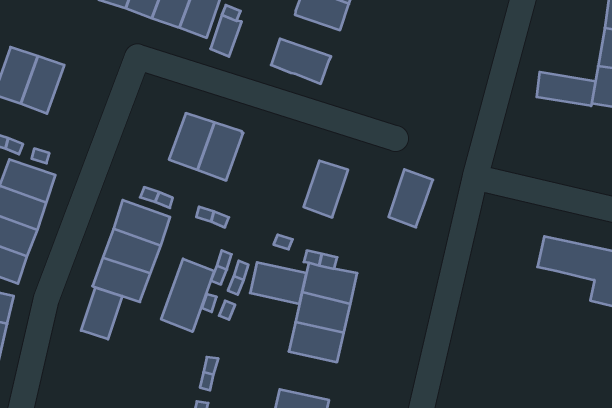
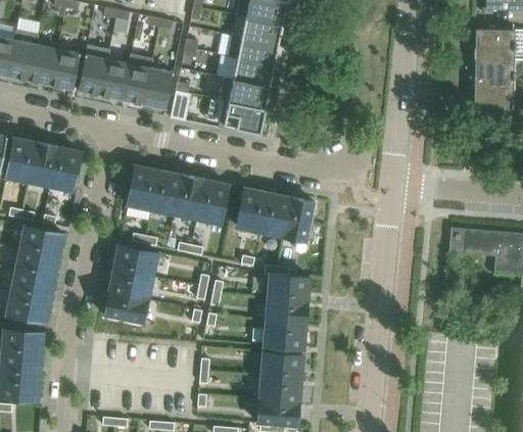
building: none -> [218,77,269,110]
building: none -> [49,147,80,190]
building: [537,72,595,106] -> none
building: none -> [127,165,157,208]
building: none -> [196,180,228,223]
building: none -> [236,188,267,231]
building: [389,169,433,227] -> [283,197,314,241]
building: [161,259,214,332] -> none
building: [250,262,306,304] -> [260,351,302,379]
building: [81,287,122,339] -> none

